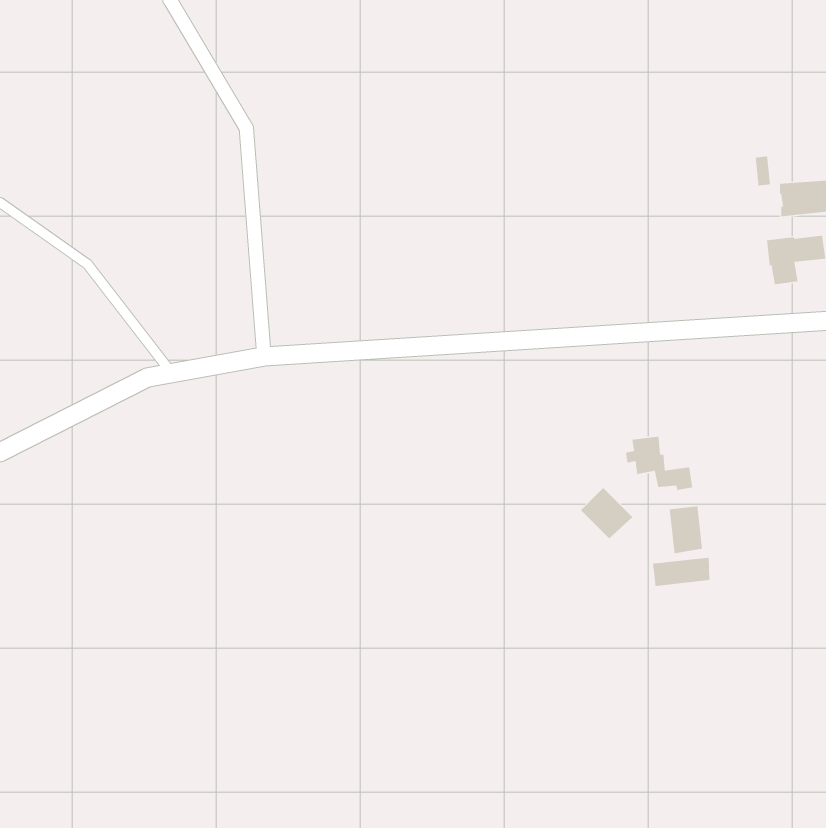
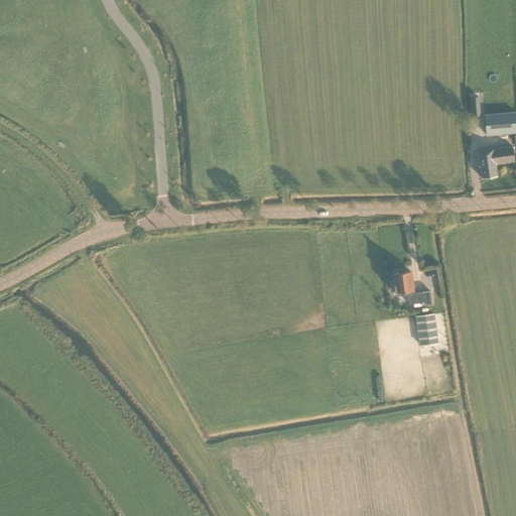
building: [580,487,633,539] -> none
building: [652,557,710,587] -> none

